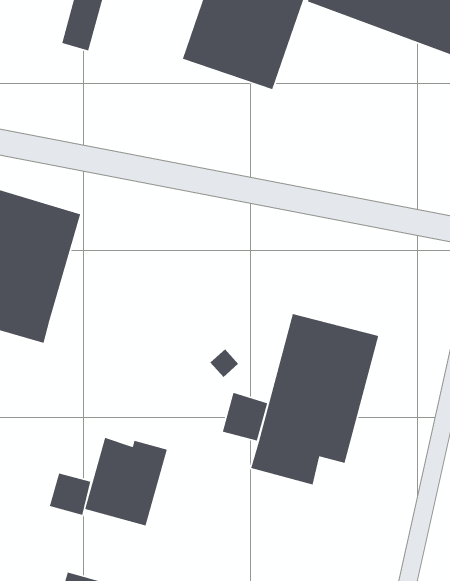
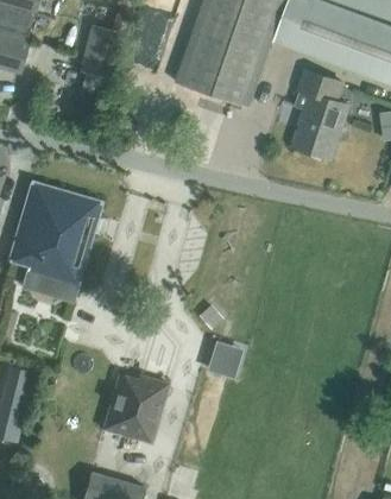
building: none -> [295,70,349,158]
building: [250,313,379,485] -> none
building: [49,473,91,516] -> none

